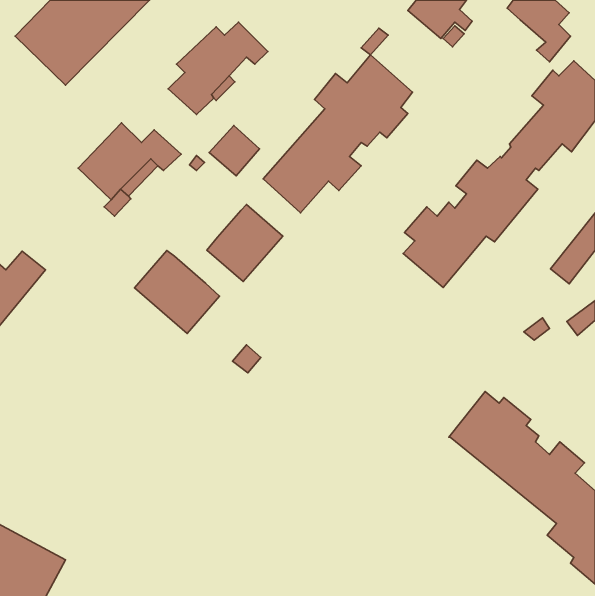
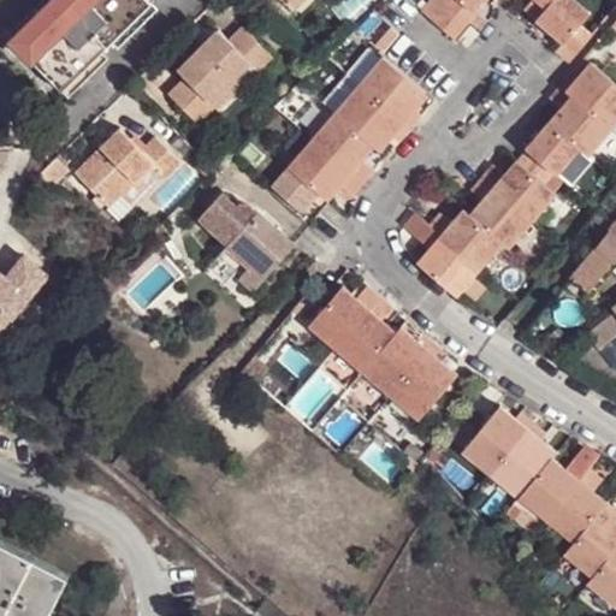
building: [209,126,260,176] -> [196,194,248,245]
building: [134,250,219,334] -> none
building: none -> [307,286,457,420]

